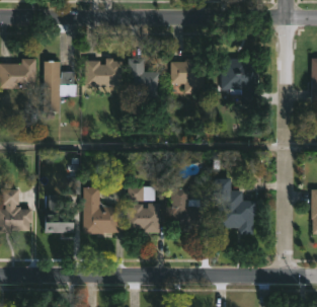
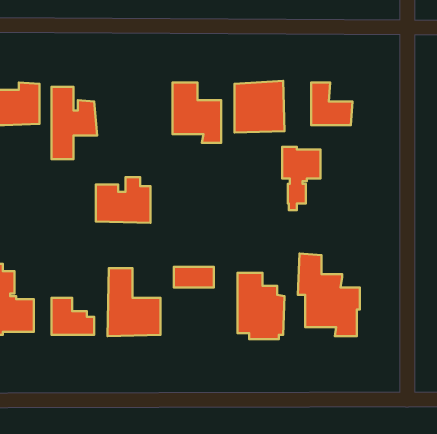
building: [84,55,122,86] -> [96,177,150,223]
building: none -> [282,147,320,210]
building: [127,202,159,231] -> none

